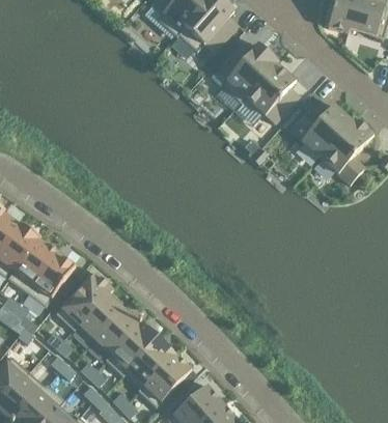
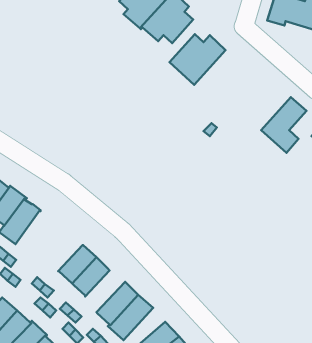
building: [239,62,299,124] -> none
building: [288,105,354,158] -> none
building: [26,253,74,307] -> none
building: [55,273,111,331] -> none
building: [104,320,157,377] -> none

